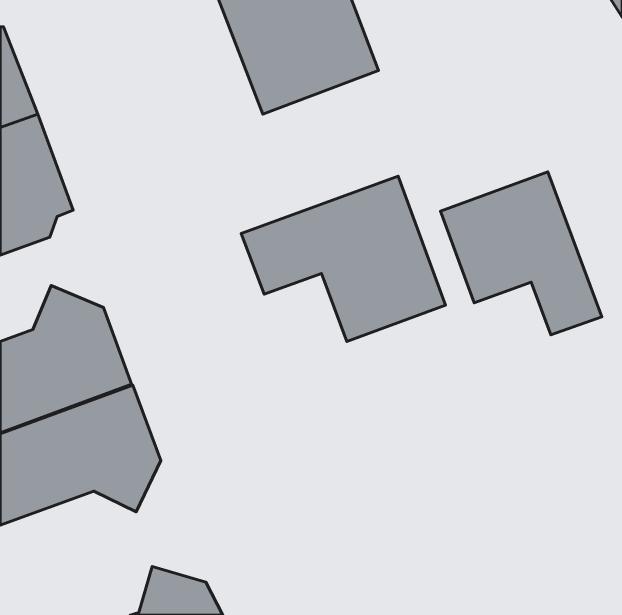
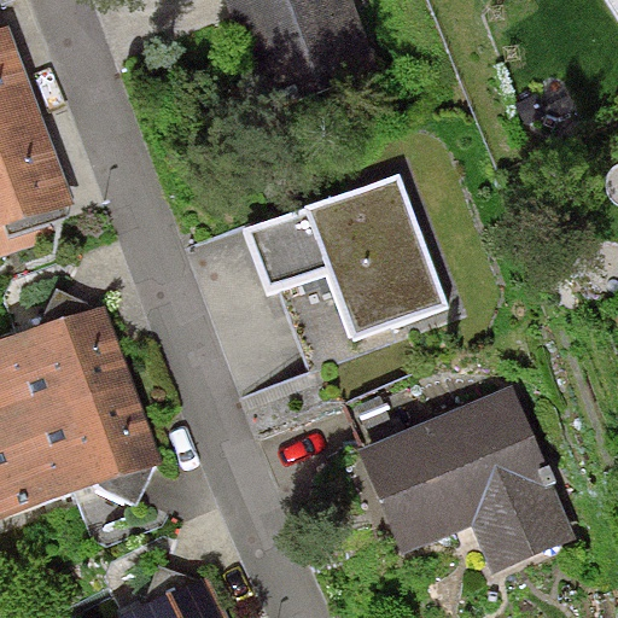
building: [441,172,602,335] -> none
building: none -> [350,381,577,573]

